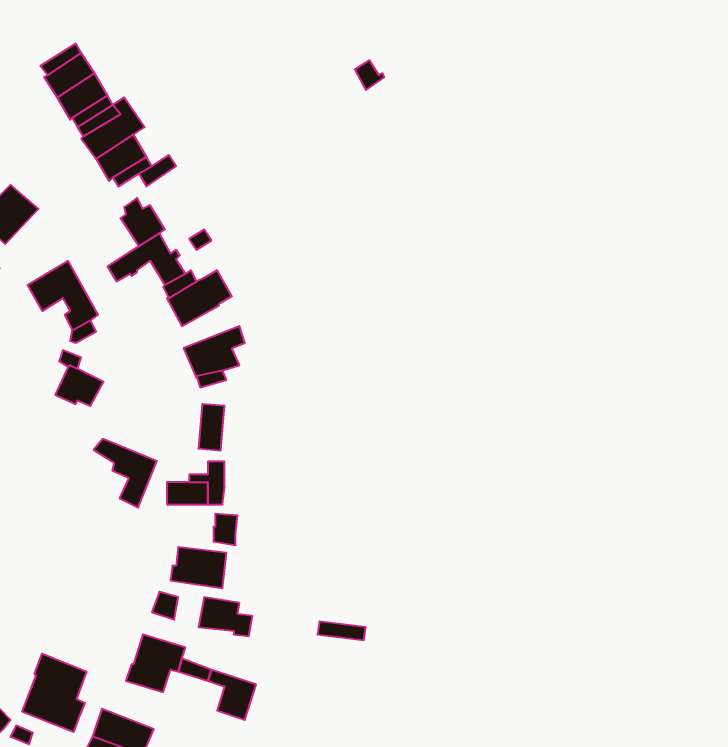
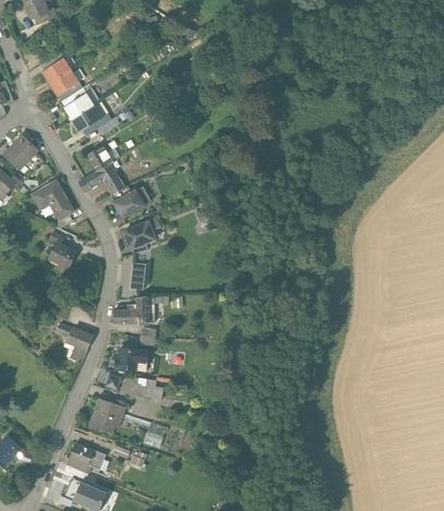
building: [94,439,157,508] -> [55,323,92,363]
building: [22,654,86,732] -> none

